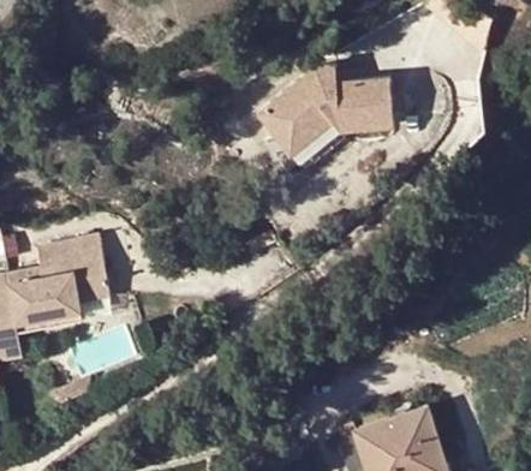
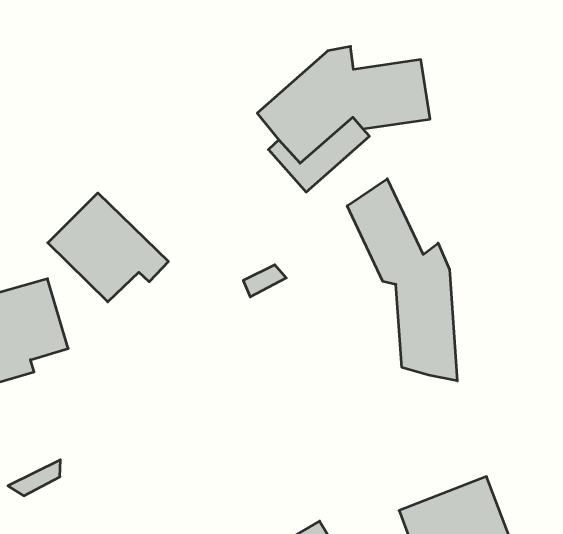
building: none -> [48,193,168,302]
building: none -> [347,179,457,381]

